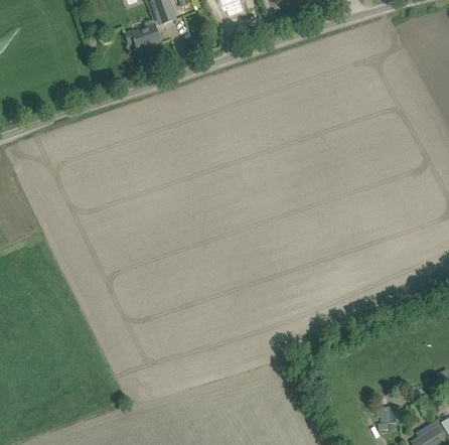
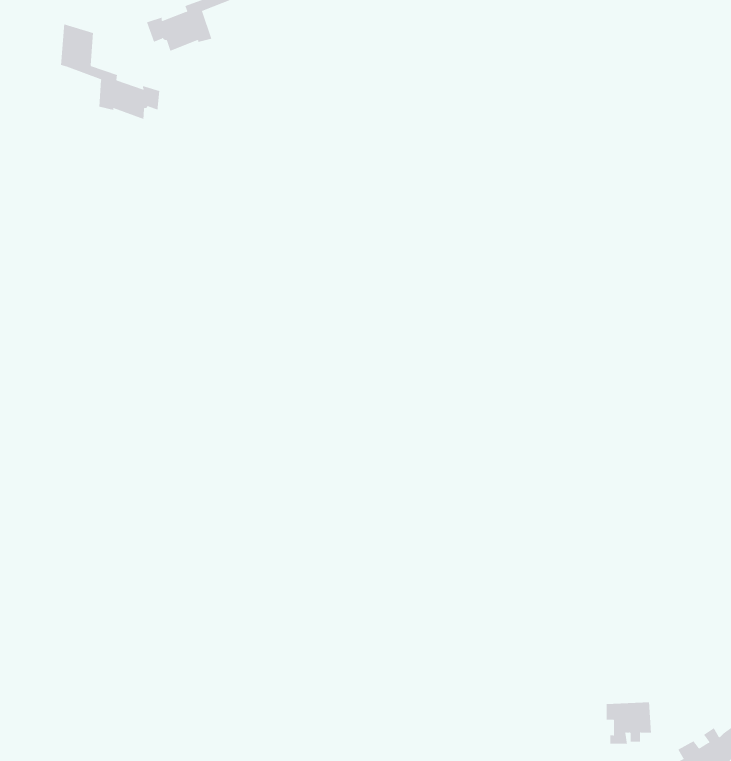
building: none -> [60,24,160,120]

